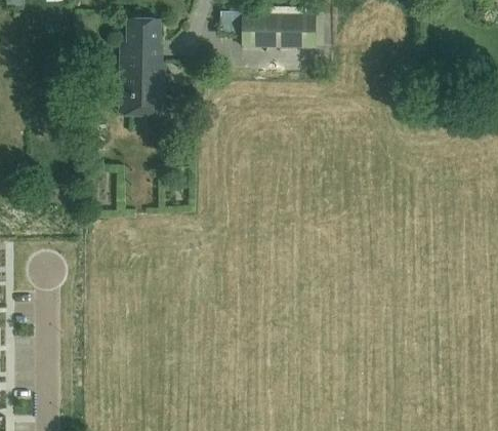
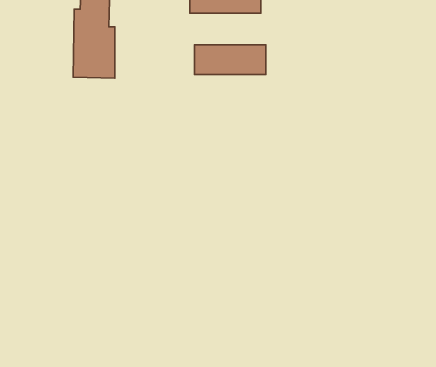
building: none -> [195,45,266,75]

